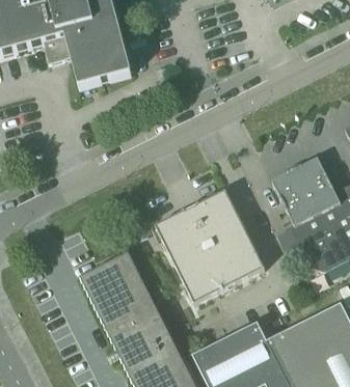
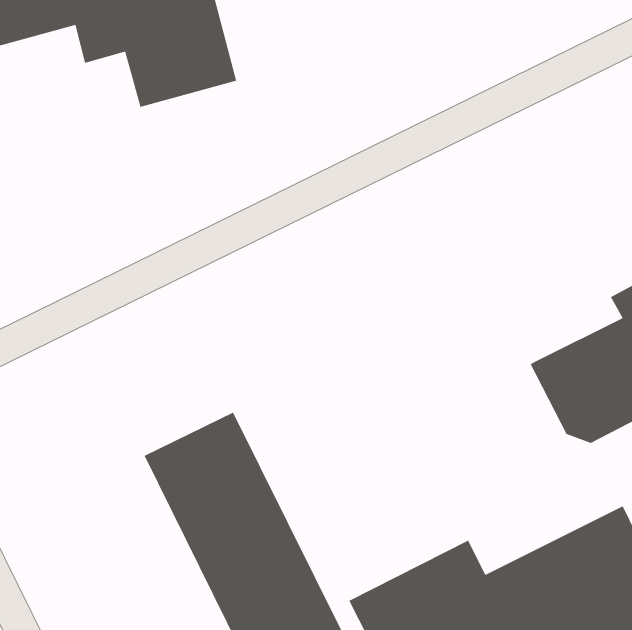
building: [271,158,340,224] -> none
building: [155,189,264,302] -> none

